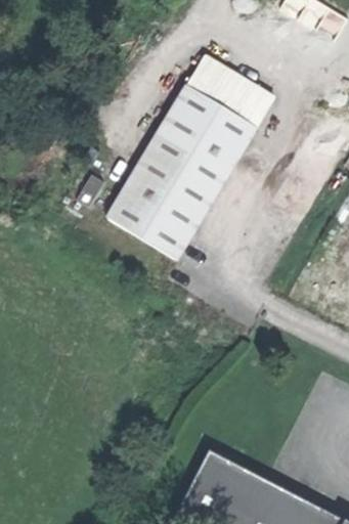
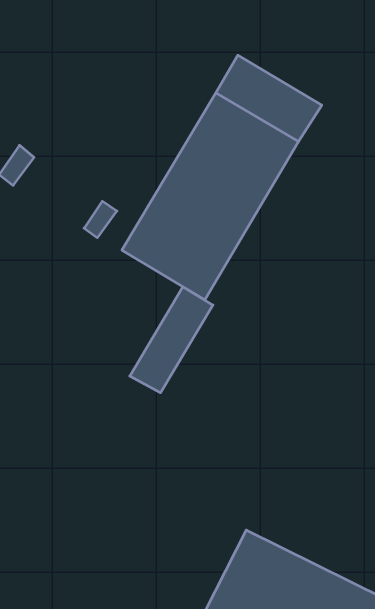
building: none -> [130,287,213,393]

